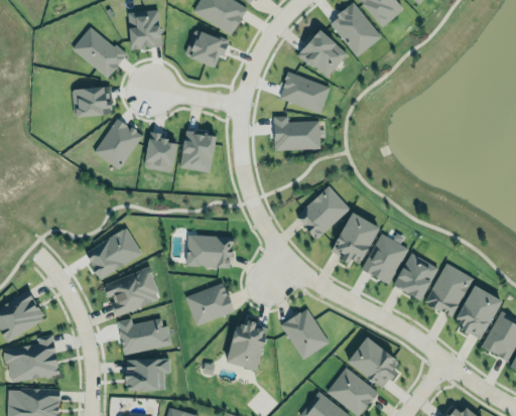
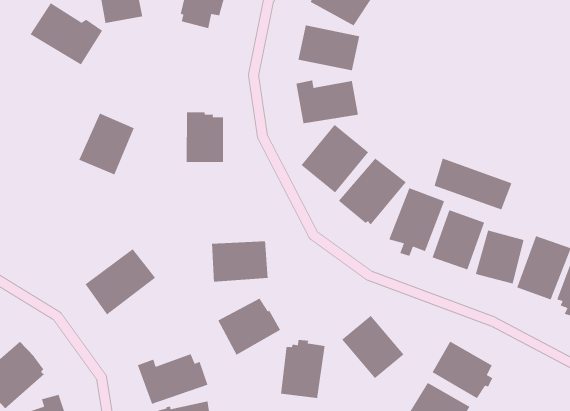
building: [71,86,111,116] -> none
building: [144,132,177,172] -> none
building: none -> [300,124,369,193]
building: none -> [433,158,512,210]
building: [104,266,159,316] -> none

